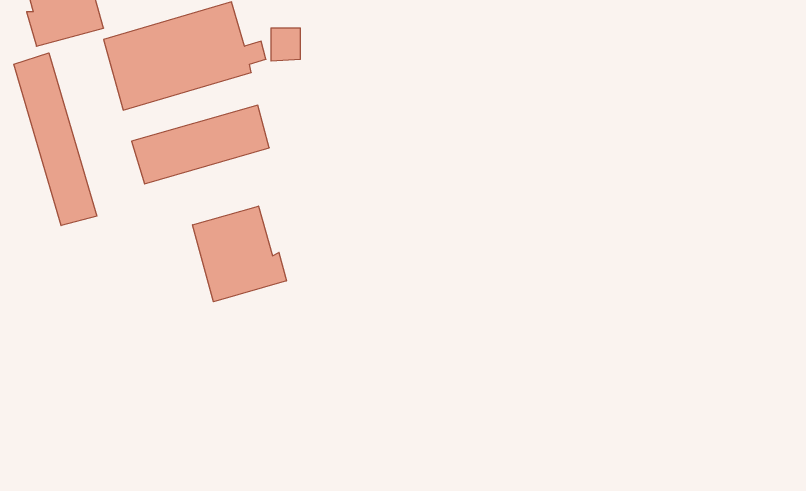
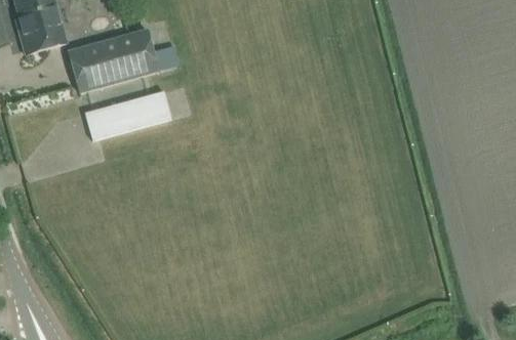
building: [14,53,97,226] -> none
building: [193,206,286,302] -> none

